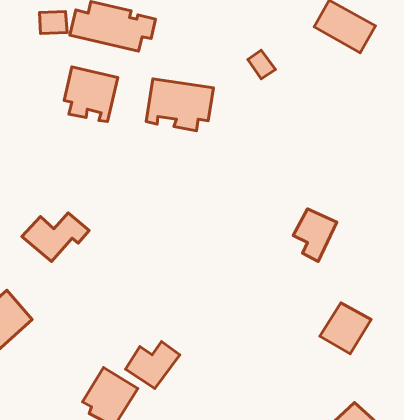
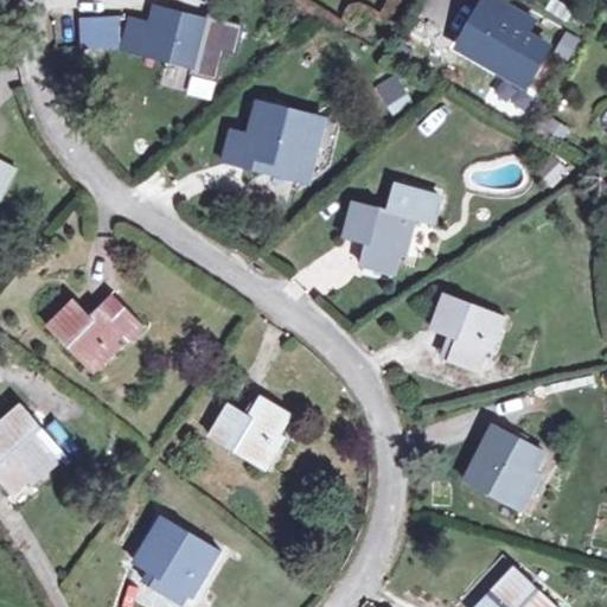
building: [64,67,118,122] -> none
building: none -> [345,187,432,274]
building: [125,341,180,388] -> [216,395,293,461]

